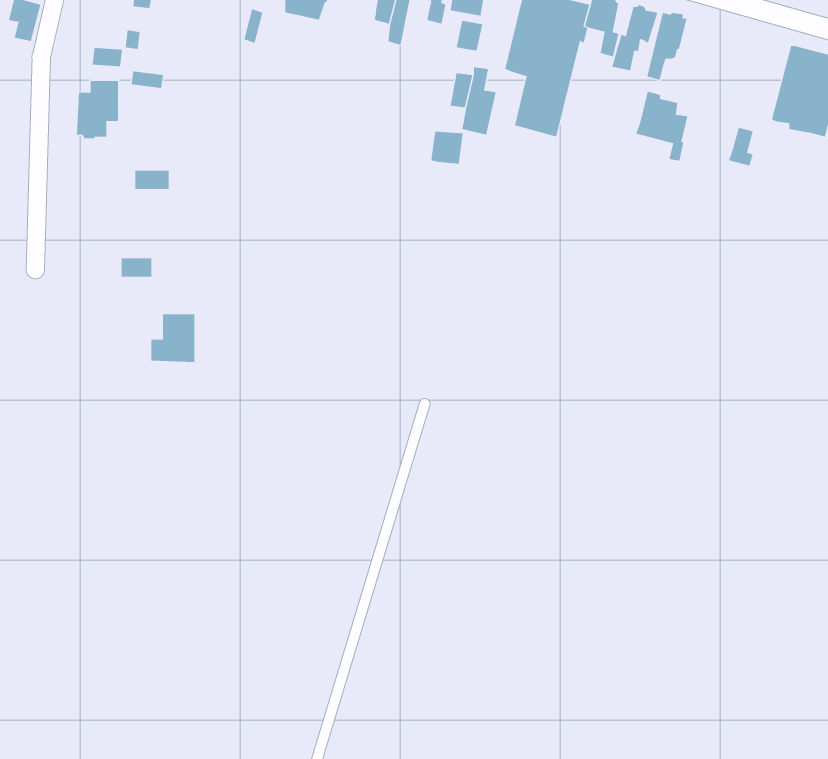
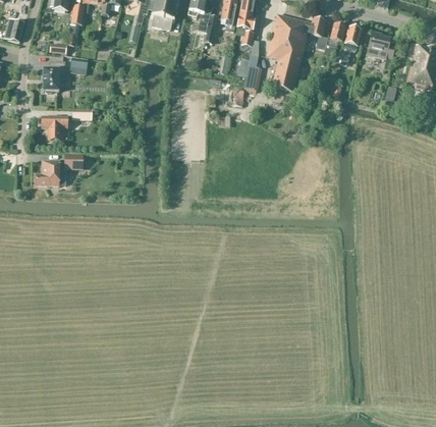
building: [636,91,688,161] -> [367,32,394,68]
building: none -> [42,115,66,139]
building: [150,314,195,363] -> [36,160,59,185]

